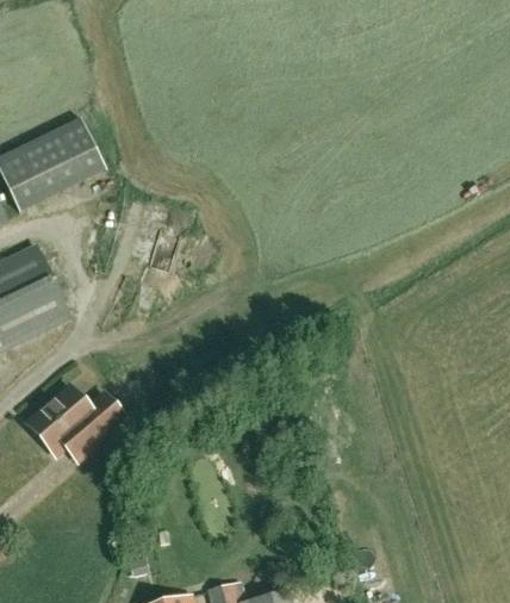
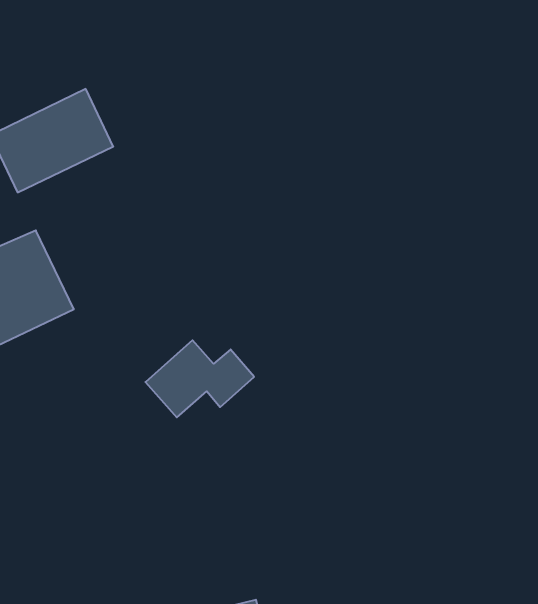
building: [27,385,126,455] -> [145,340,254,417]

